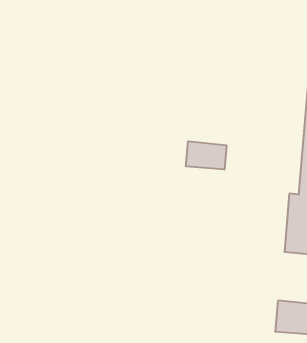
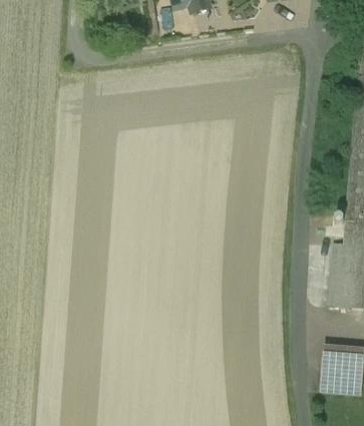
building: [186,141,226,170] -> none

